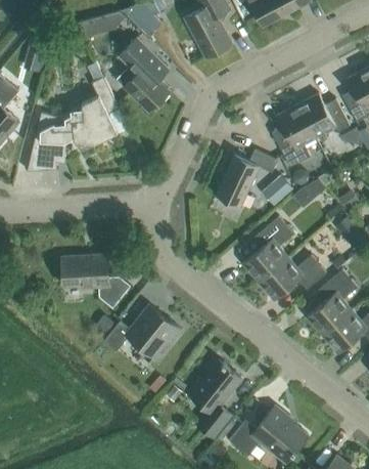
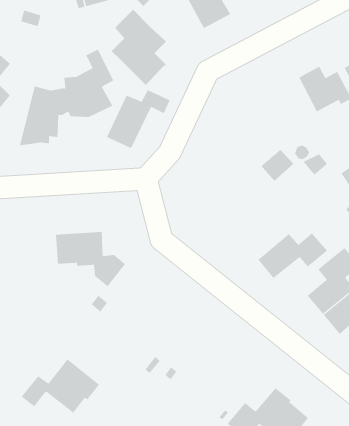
building: [272,104,315,167] -> none
building: [215,150,277,207] -> [106,90,171,149]
building: [242,216,293,282] -> none
building: [103,304,180,357] -> [21,359,100,413]
building: [186,360,240,437] -> none

